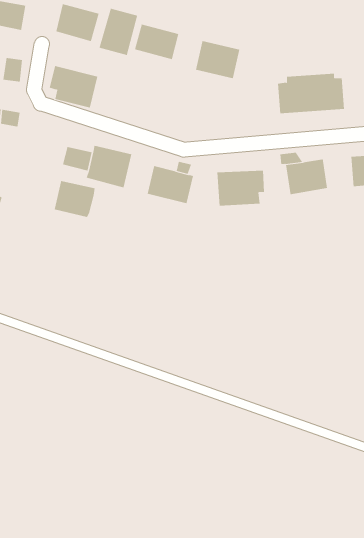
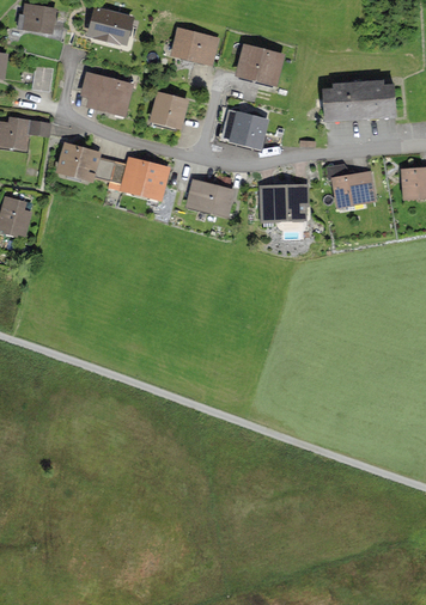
building: [99,8,138,56] -> none
building: none -> [150,92,188,130]
building: none -> [221,110,268,149]
building: [54,180,96,218] -> [56,142,101,182]

